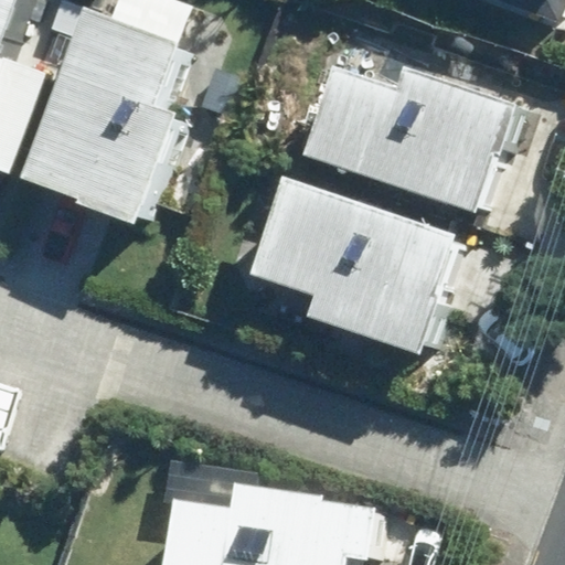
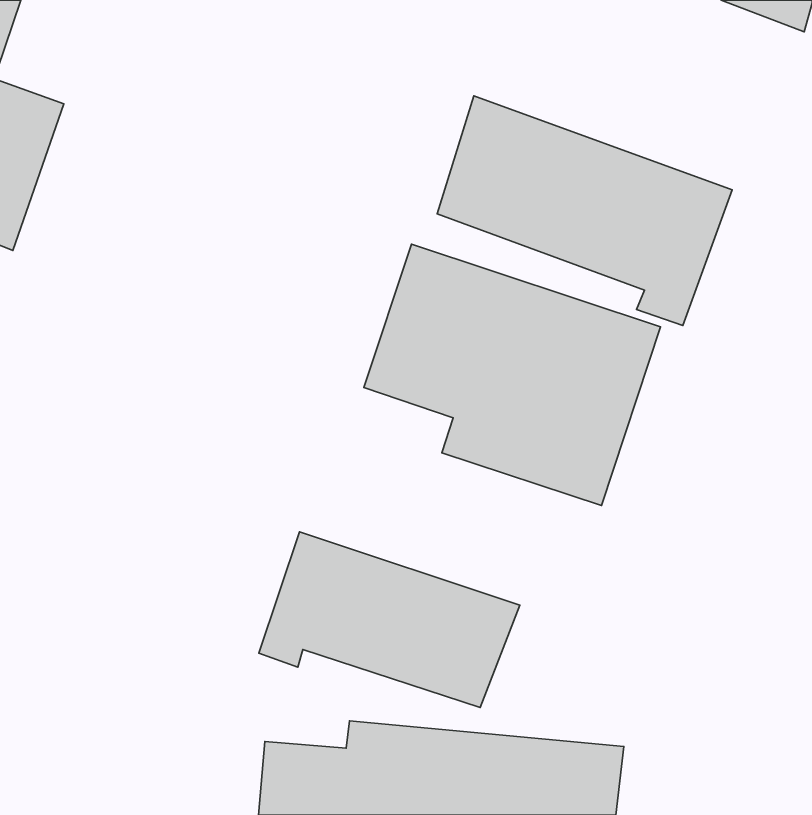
building: [21,9,177,226] -> none
building: none -> [259,532,520,708]

